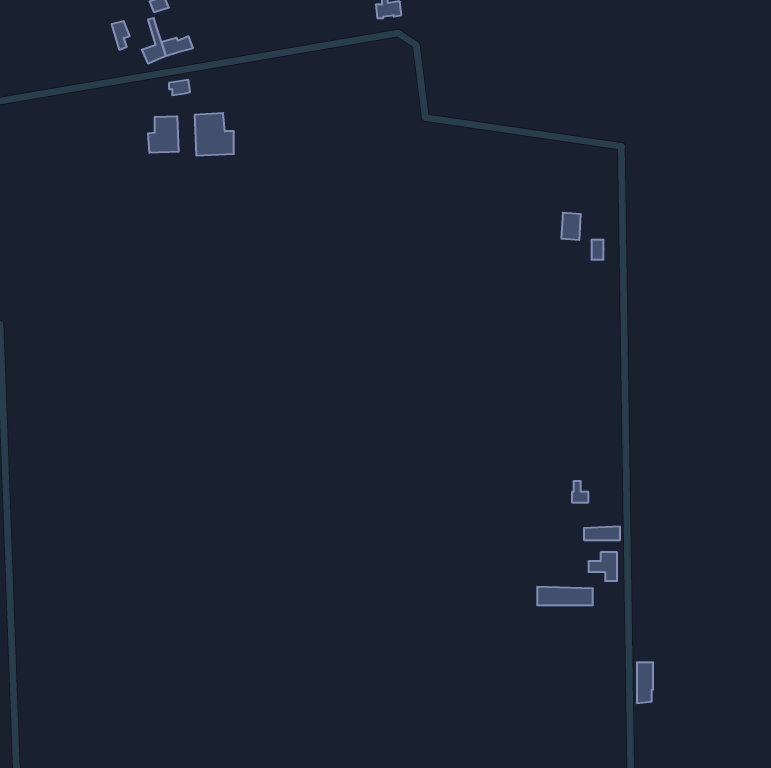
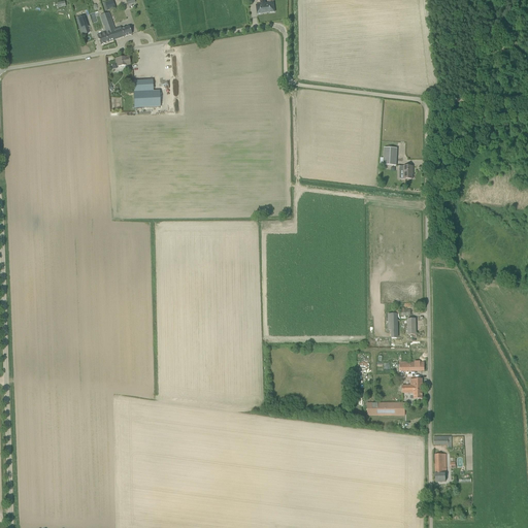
building: [148,116,179,153] -> none

